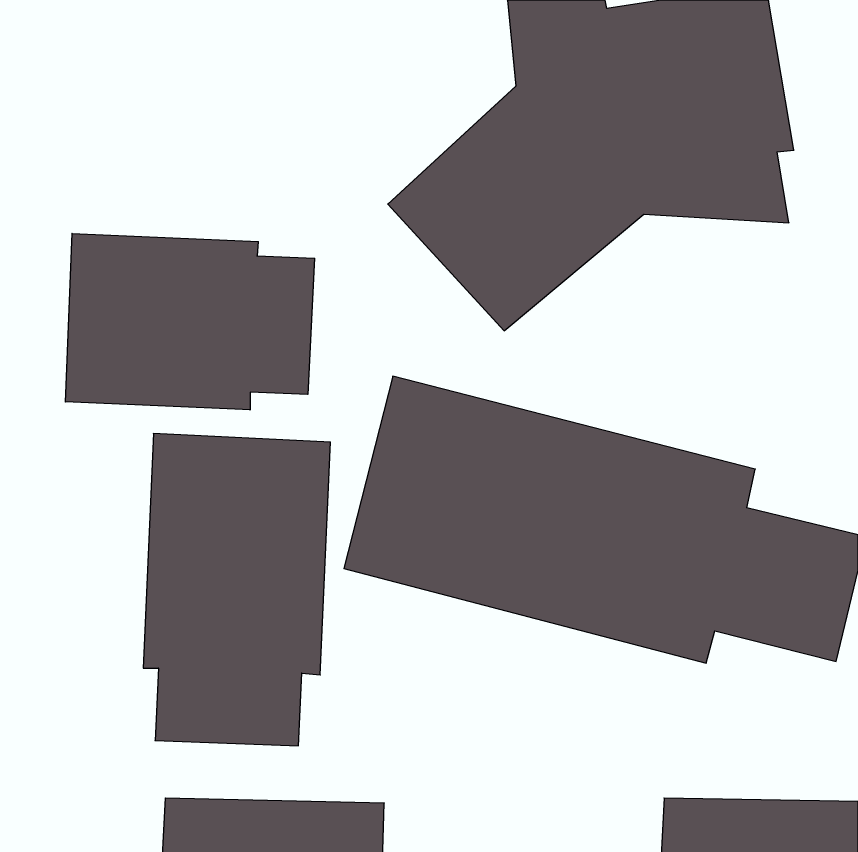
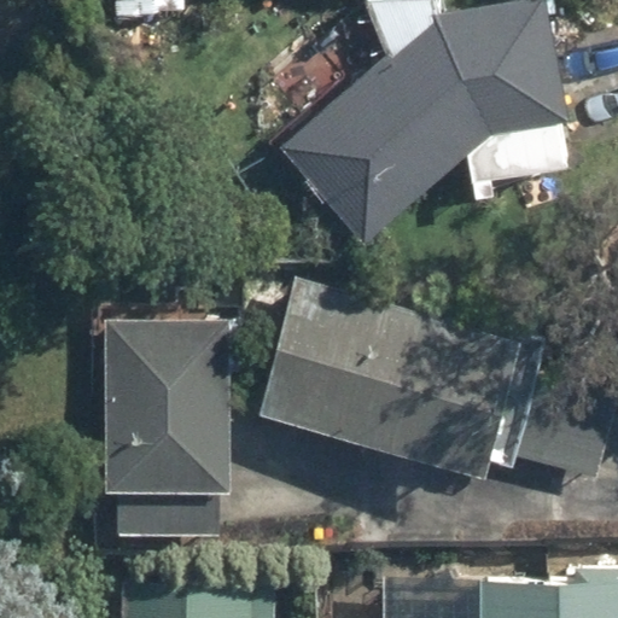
building: [65,233,315,410] -> none

